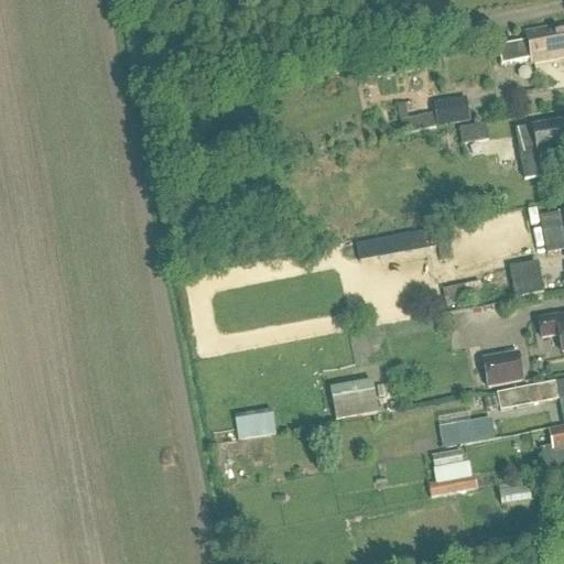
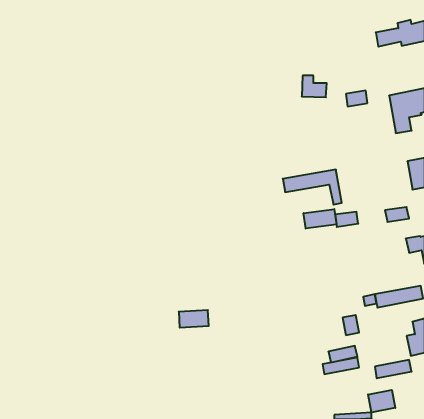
building: [433,94,470,123] -> none
building: none -> [304,209,336,229]
building: [481,348,523,386] -> none
building: [330,378,377,416] -> none
building: none -> [368,390,395,412]

